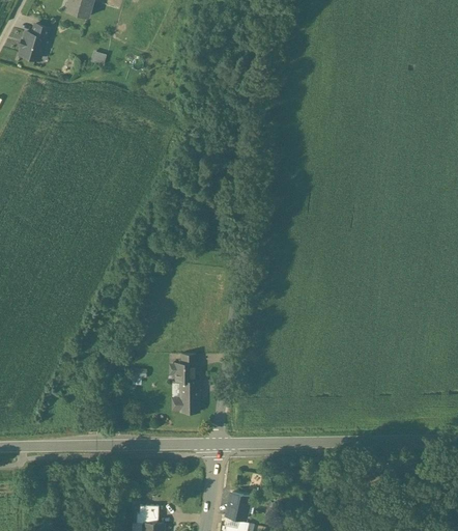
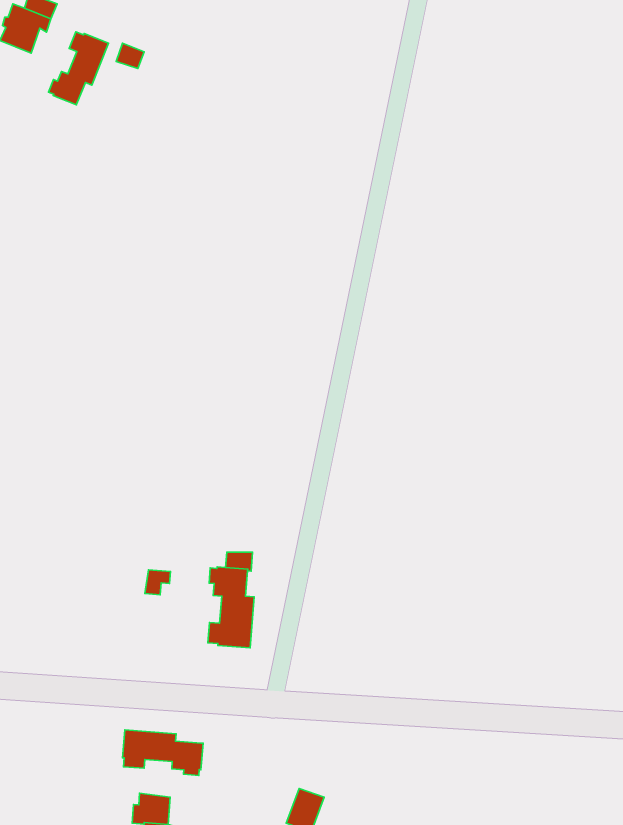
building: none -> [49,32,109,105]
building: none -> [123,730,203,776]

